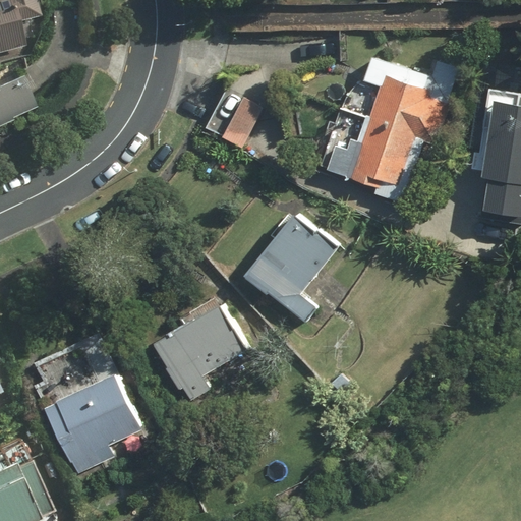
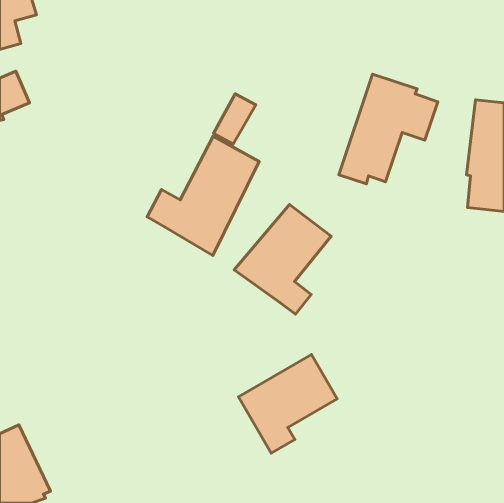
building: none -> [147,136,259,256]
building: [151,301,252,403] -> [238,354,337,453]
building: [42,372,144,475] -> none

